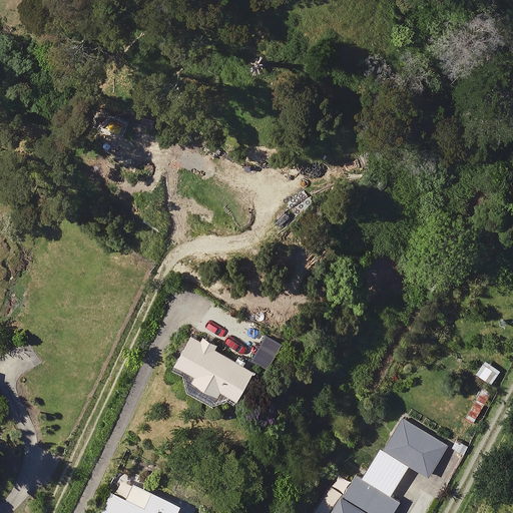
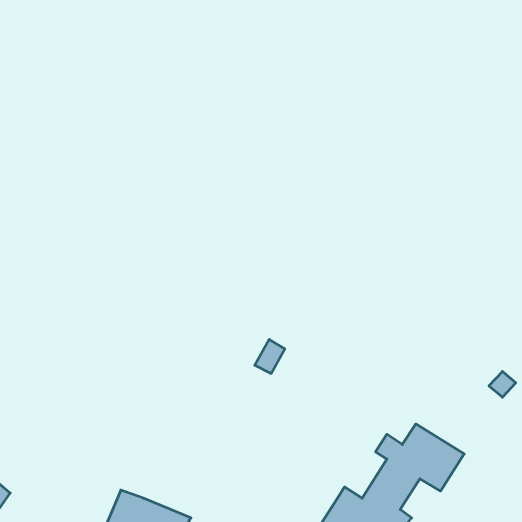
building: [172,338,256,406] -> none

